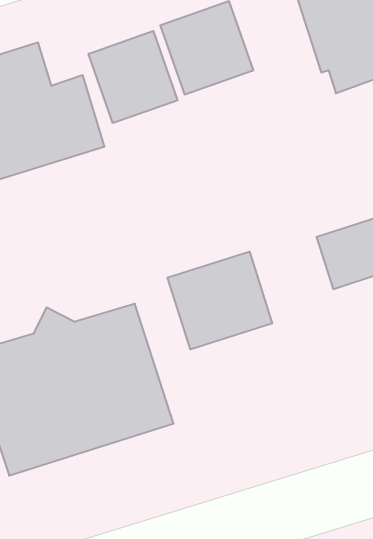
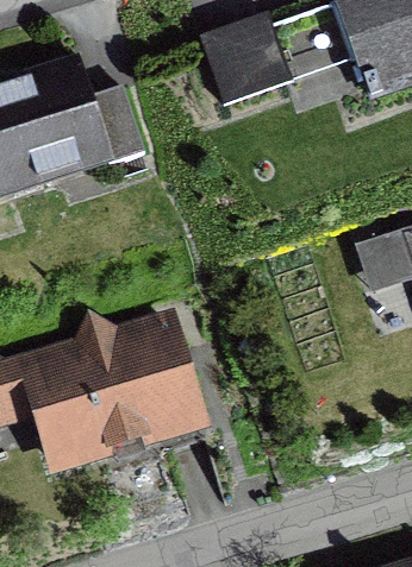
building: [89,31,178,123] -> none
building: [168,252,272,349] -> none

